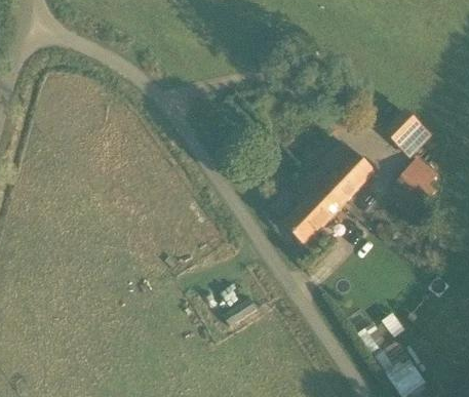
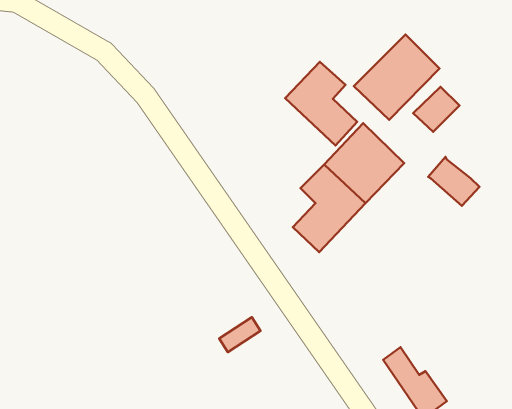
building: none -> [354,34,440,120]
building: none -> [285,62,357,145]

